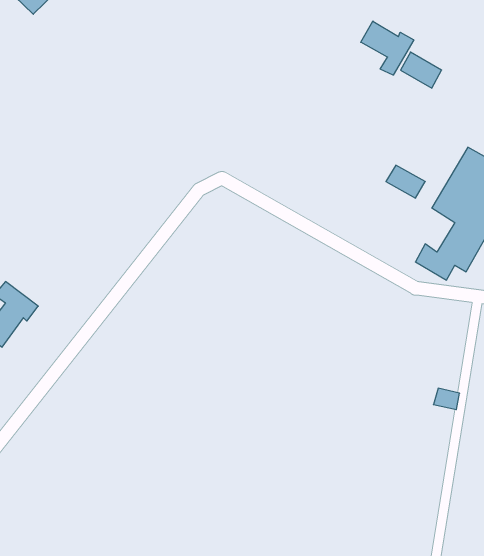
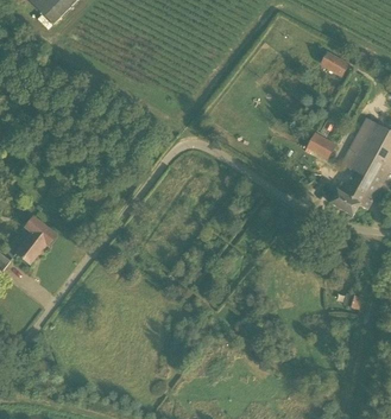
building: [361,21,414,75] -> none

